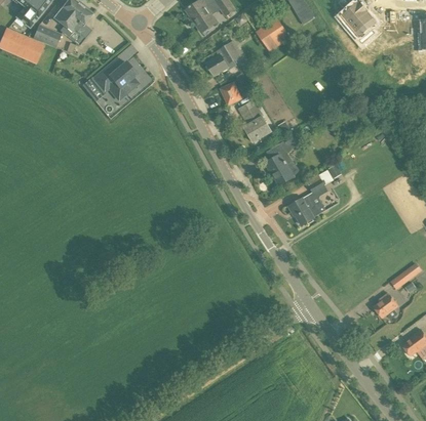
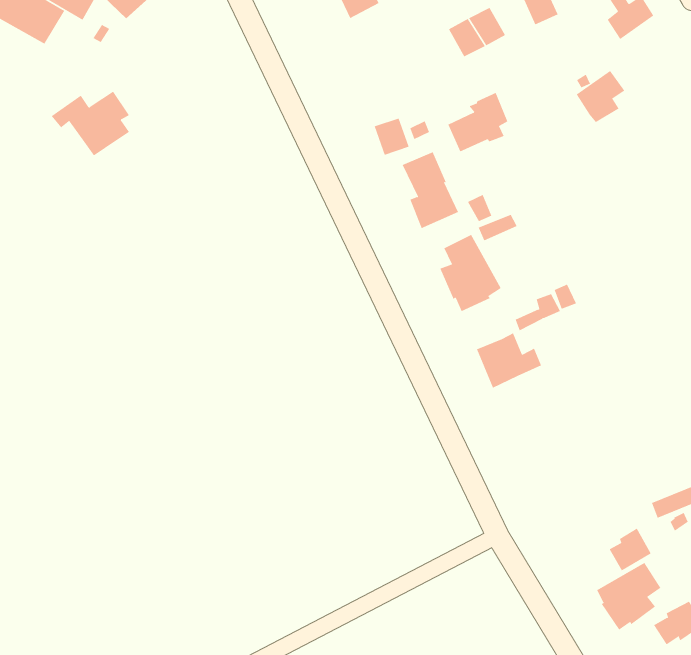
building: [350,12,377,42] -> [576,70,625,123]
building: [205,42,238,77] -> [448,92,508,152]
building: [93,61,138,98] -> [51,91,130,156]
building: none -> [596,562,661,631]

